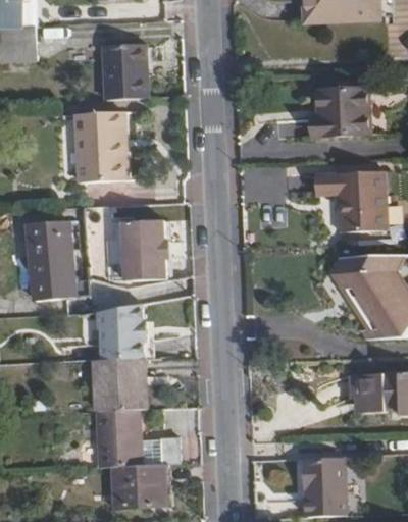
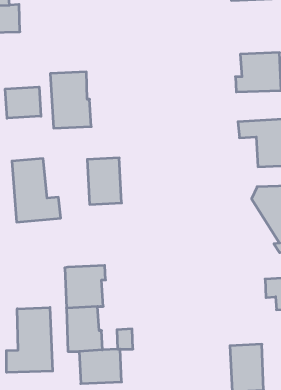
building: [102,43,149,100] -> none
building: none -> [5,87,41,118]
building: [96,303,149,359] -> none
building: none -> [6,307,53,372]

